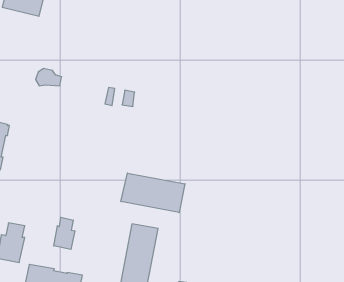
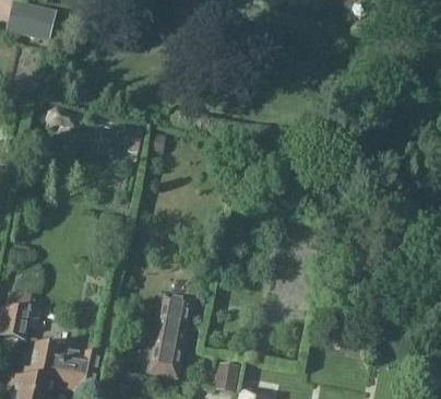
building: [121,173,185,213] -> none
building: [54,217,75,249] -> none

